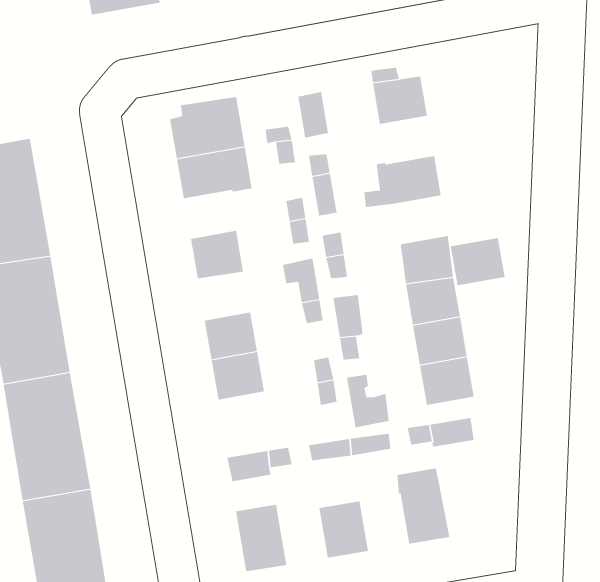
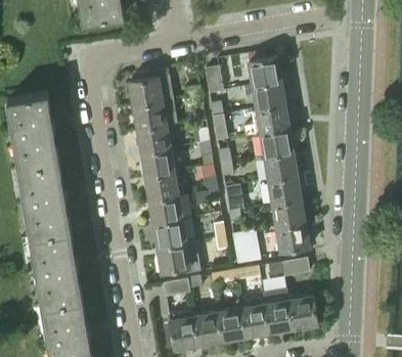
building: none -> [252,81,284,109]
building: none -> [136,125,168,153]
building: [450,237,505,286] -> [260,128,293,157]
building: none -> [144,173,176,202]
building: none -> [157,241,199,273]
building: none -> [287,296,317,329]
building: none -> [240,304,269,338]
building: none -> [192,312,221,346]

